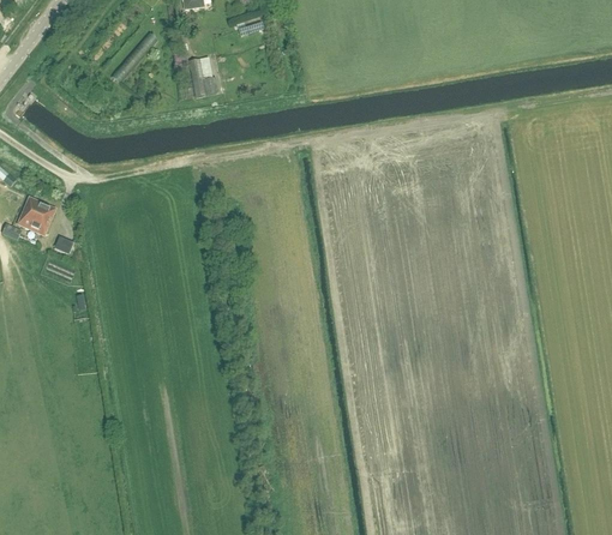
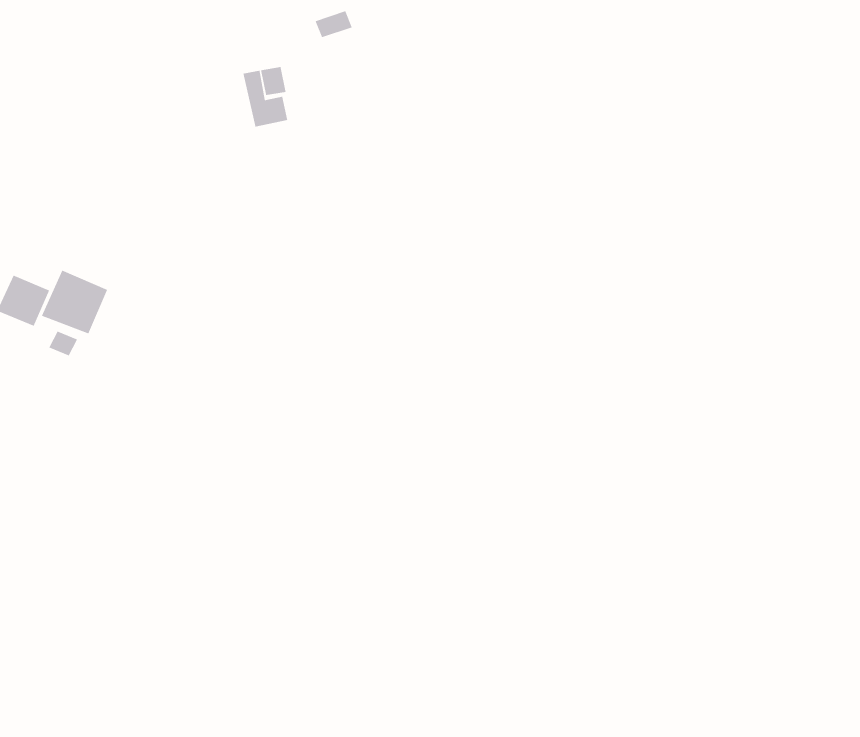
building: none -> [41,270,108,335]

